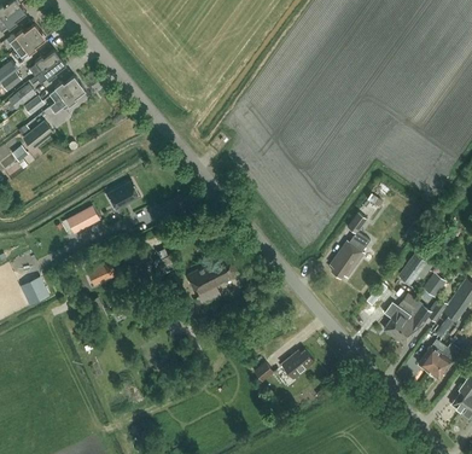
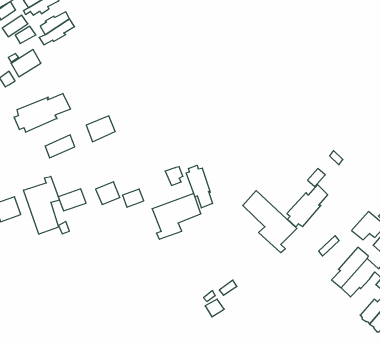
building: none -> [14,93,70,132]
building: none -> [186,165,212,208]
building: none -> [243,191,297,253]
building: none -> [23,176,59,234]
building: [281,350,315,379] -> none

